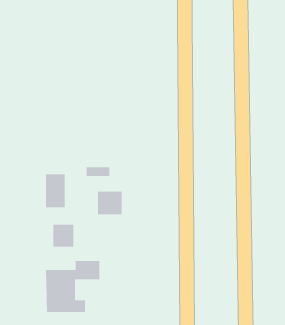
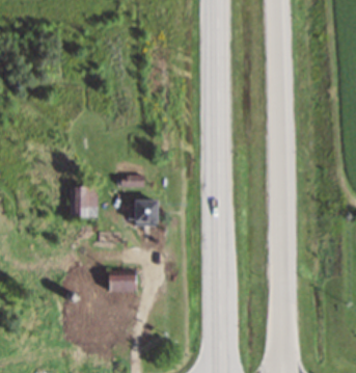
building: [52,224,74,248] -> none

